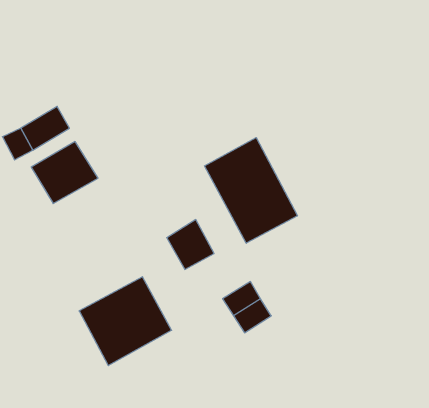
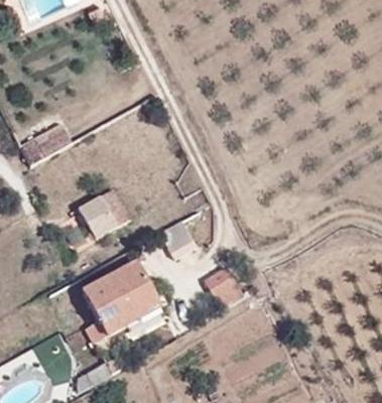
building: [205,138,297,243] -> none
building: [31,142,98,204] -> [76,186,131,238]

